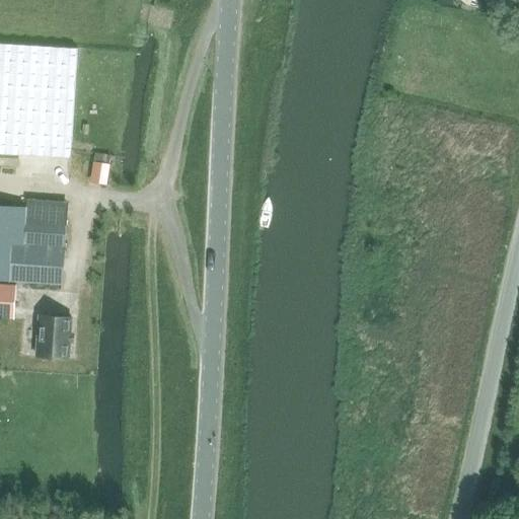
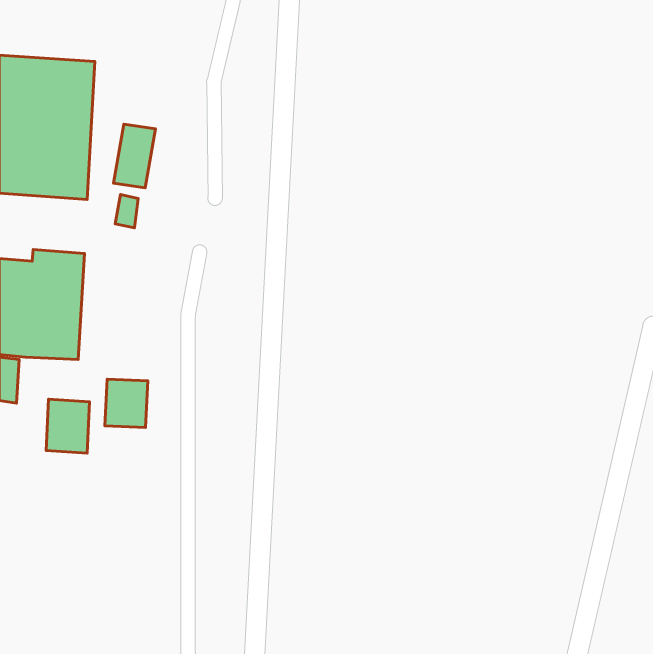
building: none -> [114,124,155,188]
building: none -> [105,379,148,428]

